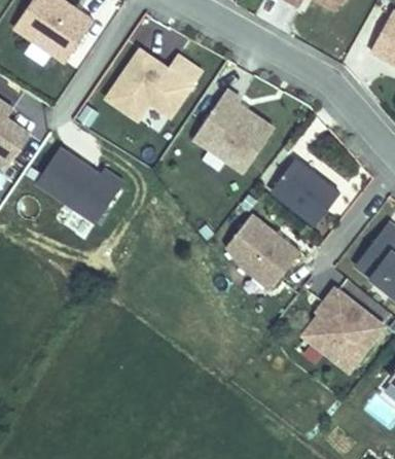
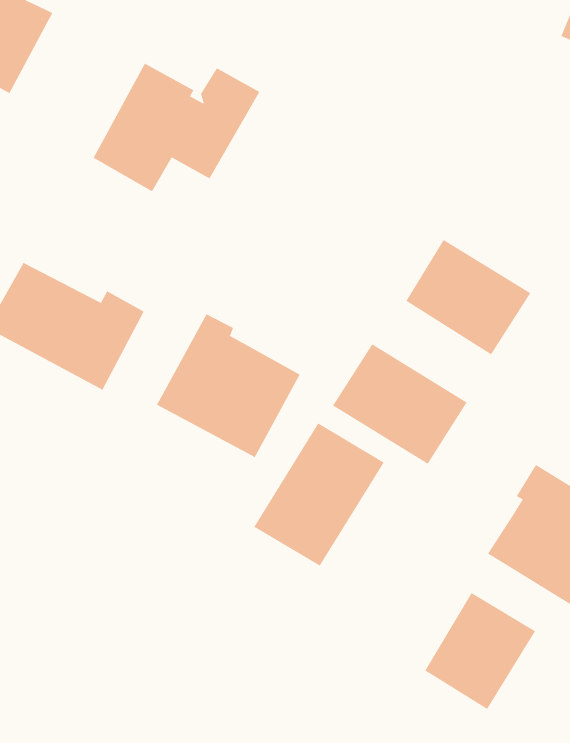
building: [193,89,274,170] -> [156,314,300,458]
building: none -> [254,423,384,567]
building: none -> [424,592,536,710]

